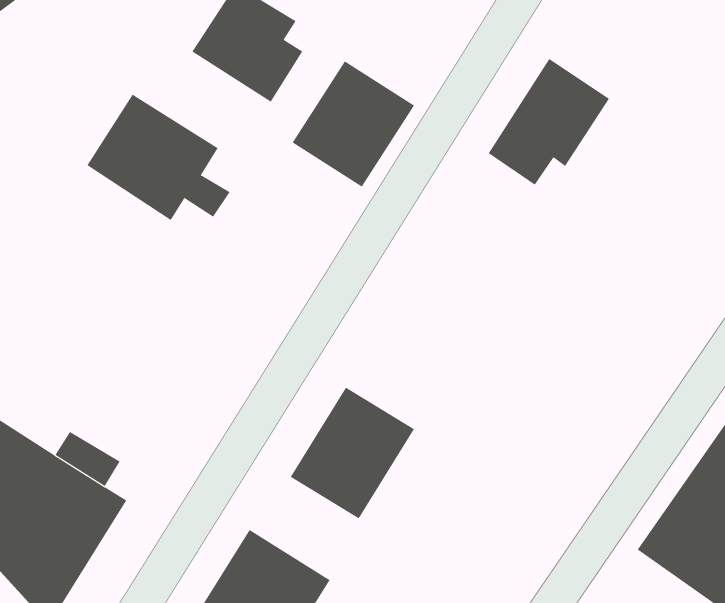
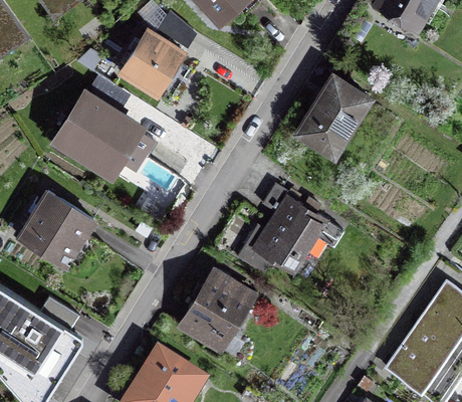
building: [292,61,415,188] -> none
building: none -> [237,183,342,271]
building: none -> [17,190,97,269]

